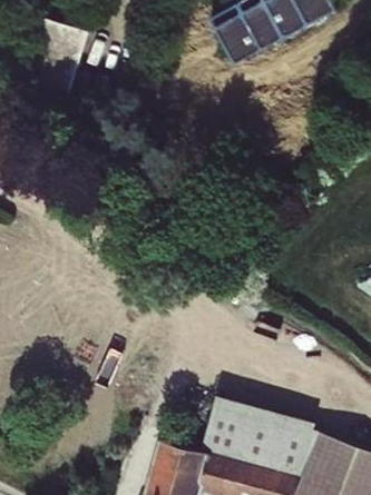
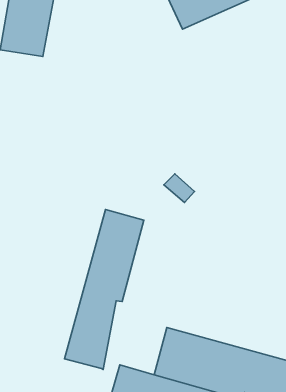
building: none -> [65,210,144,370]

